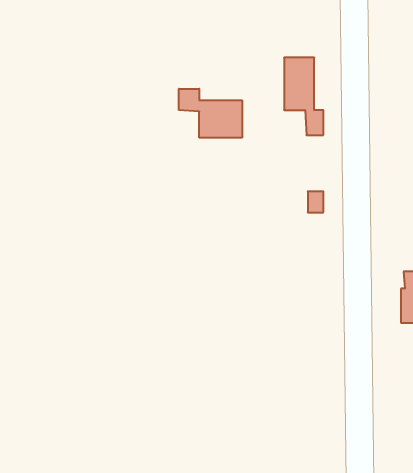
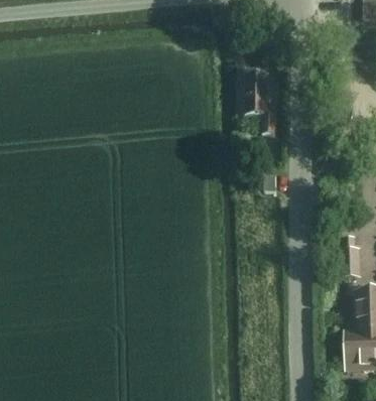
building: [179,89,242,138] -> none

